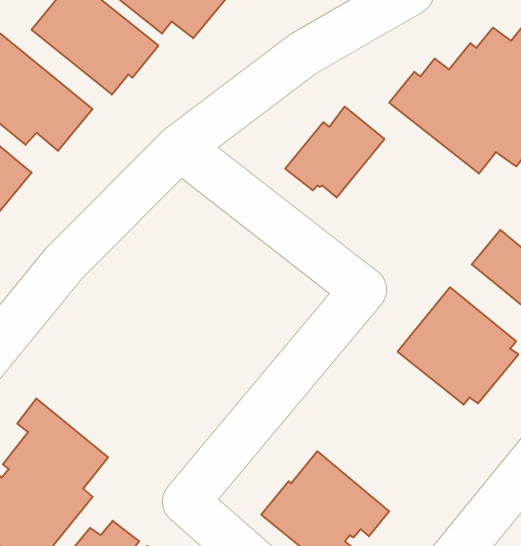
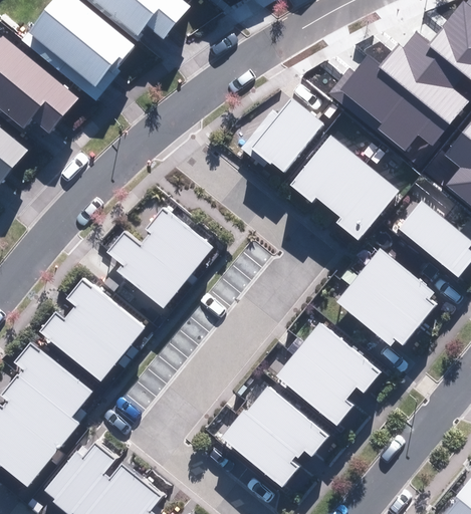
building: none -> [289,135,400,241]
building: none -> [108,208,213,307]
building: none -> [38,276,144,379]
building: none -> [275,322,381,426]

